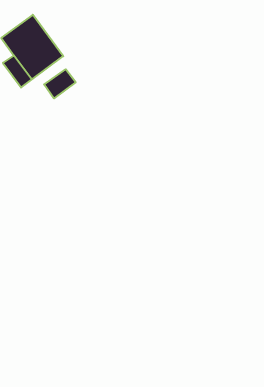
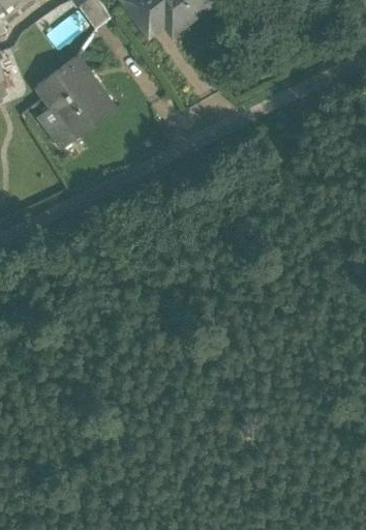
building: [44,69,76,98] -> none

